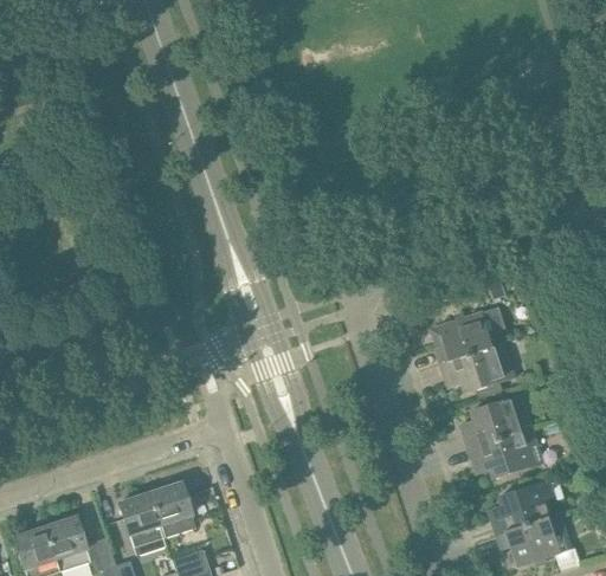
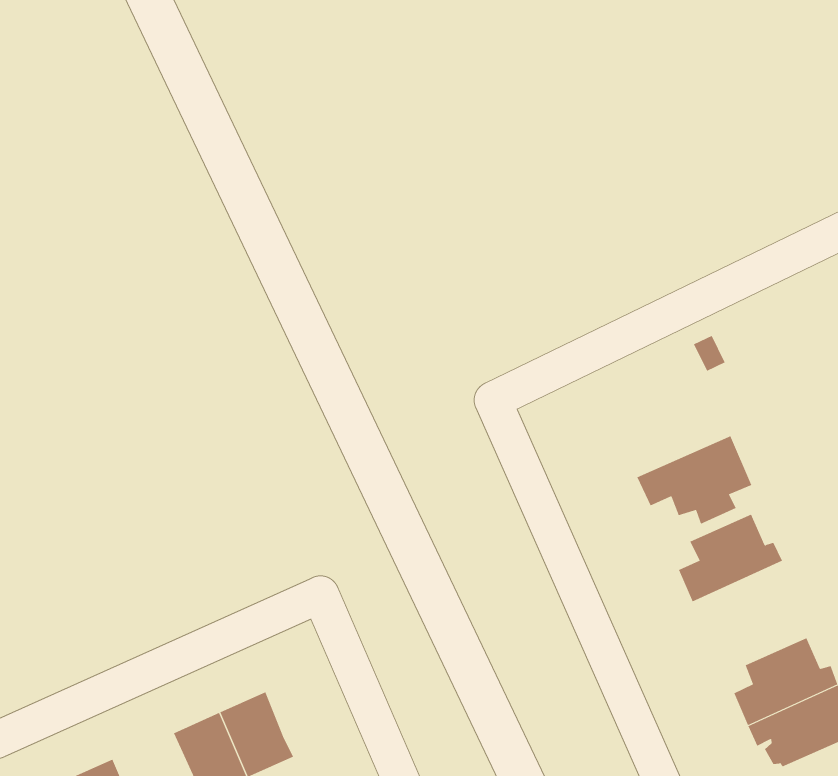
building: [431,309,505,364] -> none
building: [469,429,537,479] -> none

